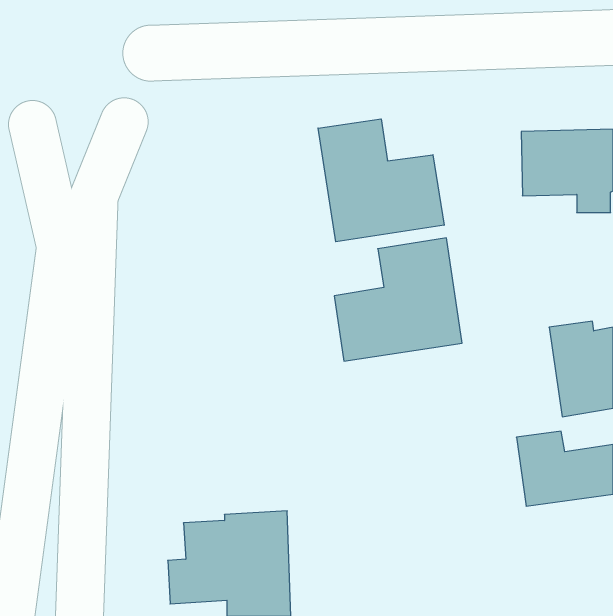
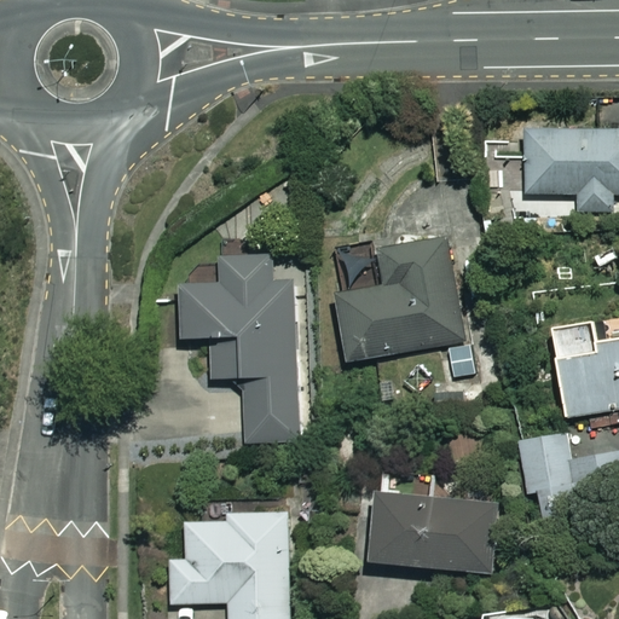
building: [318,119,444,242] -> none
building: none -> [178,254,297,442]
building: none -> [369,473,492,572]

